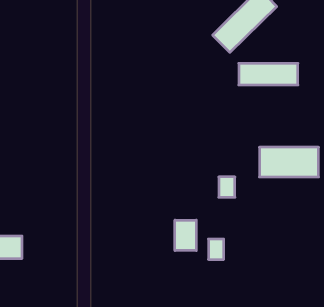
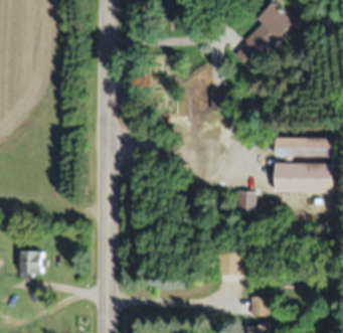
building: [239,63,298,85] -> [278,138,336,159]
building: [175,220,196,251] -> none
building: none -> [250,295,270,315]

